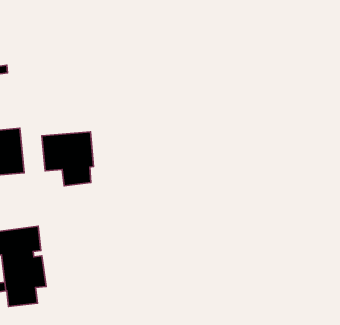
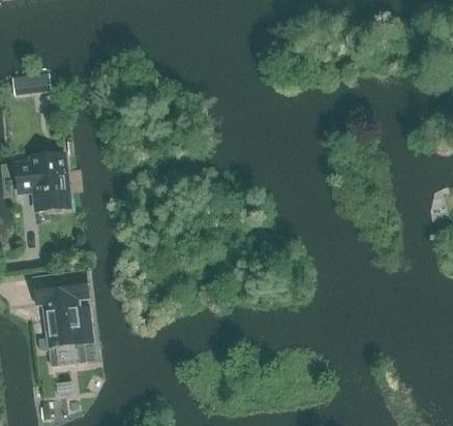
building: [42,132,94,186] -> none

